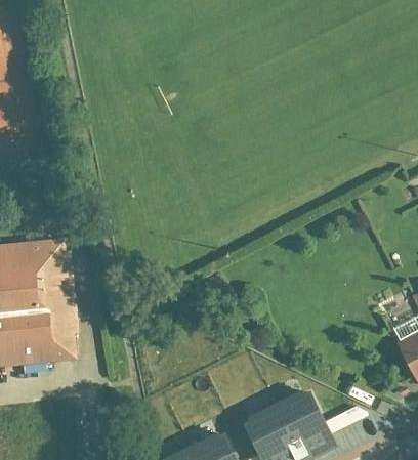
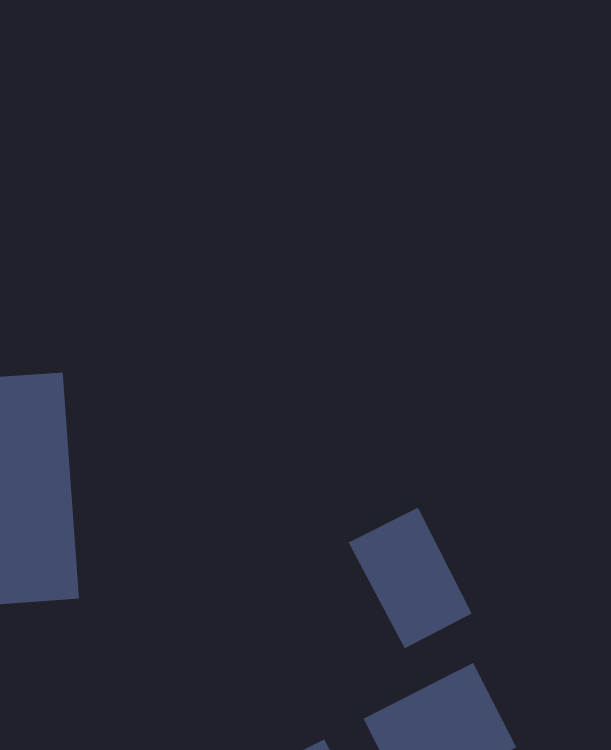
building: none -> [348,507,472,649]

